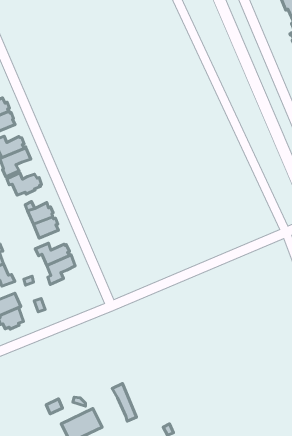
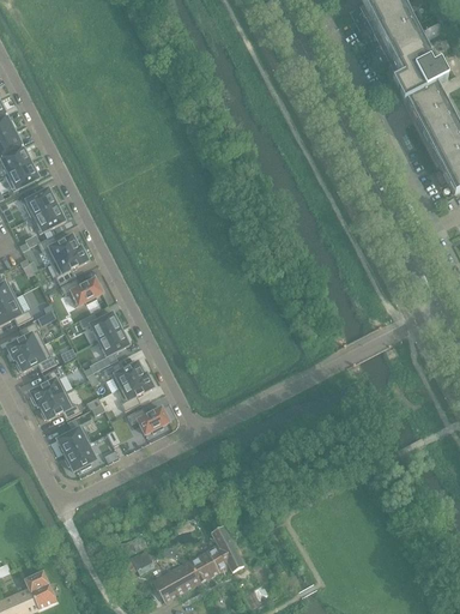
building: none -> [126,405,169,433]
building: none -> [188,542,229,579]

